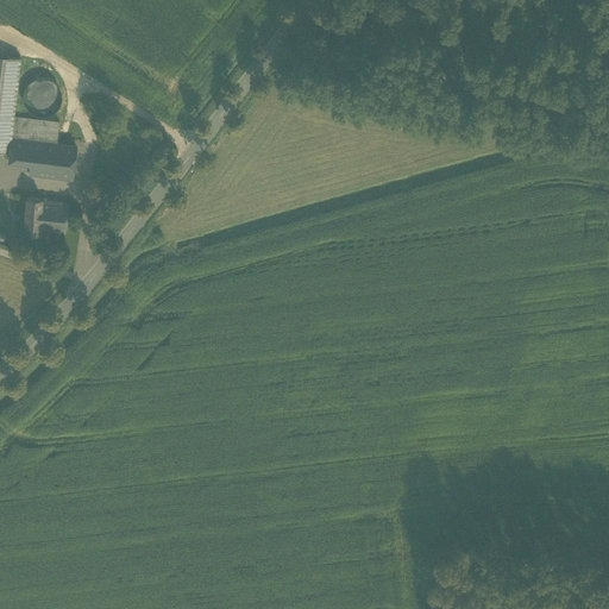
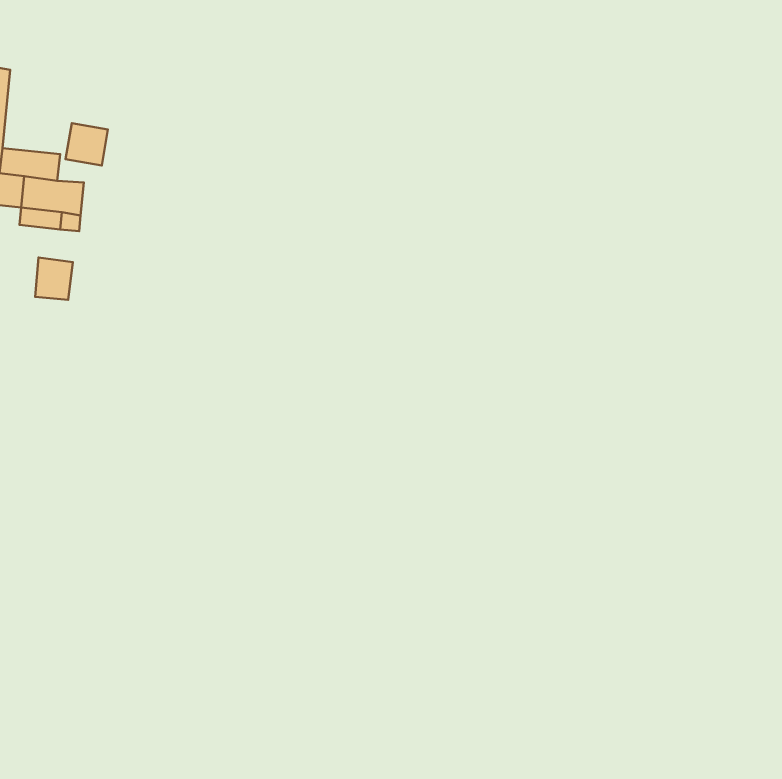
building: [23,77,55,109] -> [66,123,108,166]
building: [23,199,40,234] -> none

